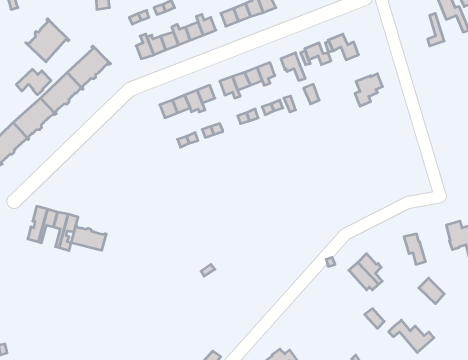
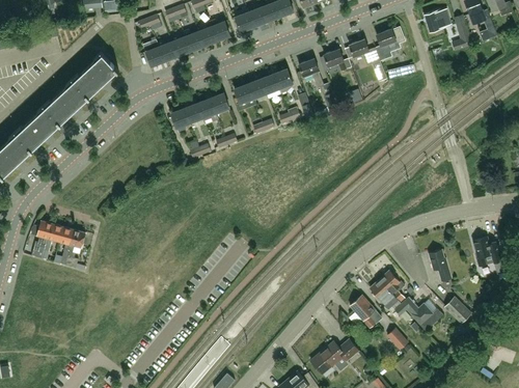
building: none -> [425,10,450,32]
building: [26,19,69,62] -> none
building: [16,69,51,95] -> none
building: [355,74,383,106] -> [376,27,405,61]
building: [71,225,106,250] -> none
building: none -> [351,295,382,328]
building: none -> [311,339,359,373]
building: [389,320,434,353] -> [395,297,443,331]

